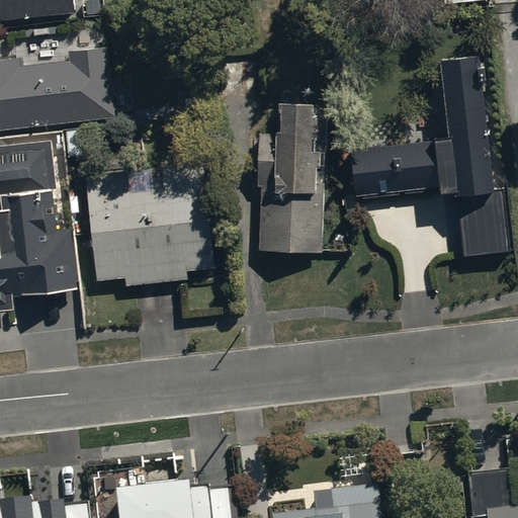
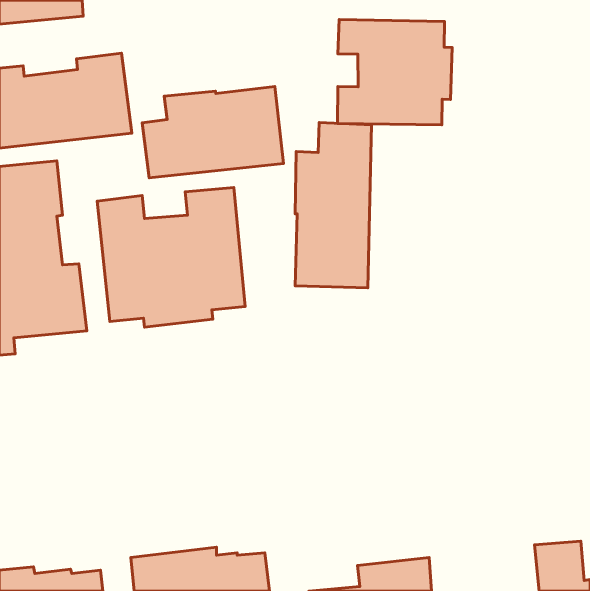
building: none -> [338,19,452,125]
building: [349,57,507,255] -> none
building: none -> [142,86,284,178]

